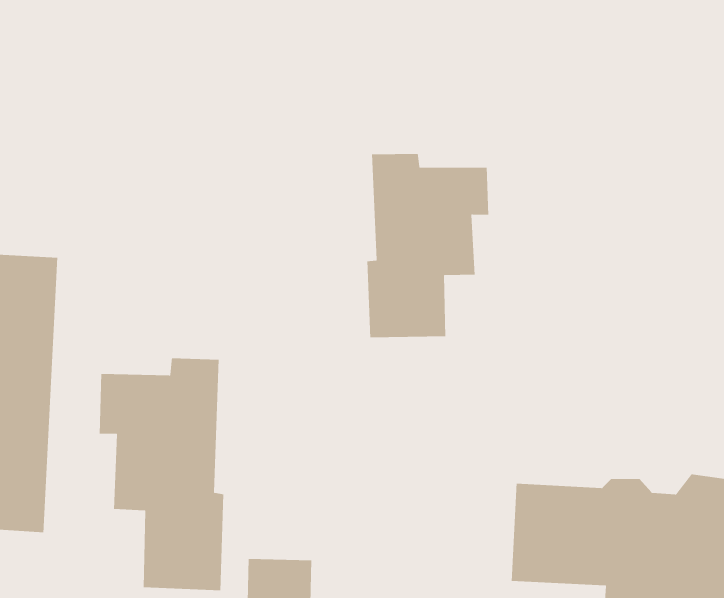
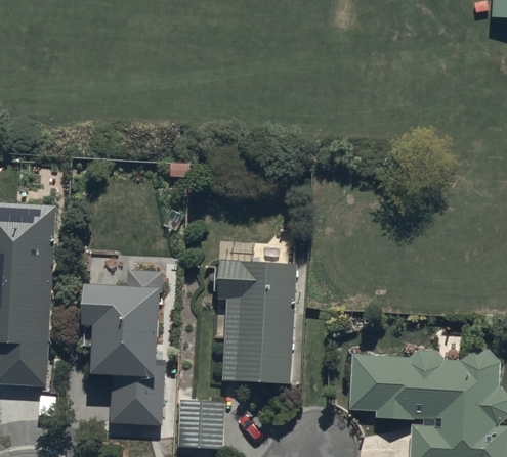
building: [366,153,489,338] -> none
building: none -> [218,262,294,384]

